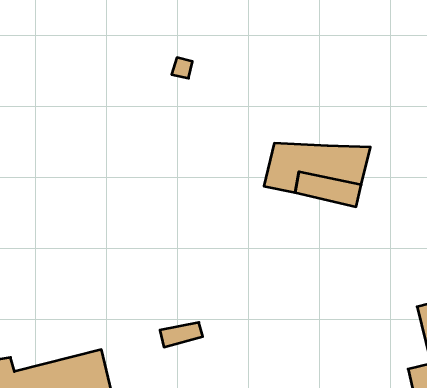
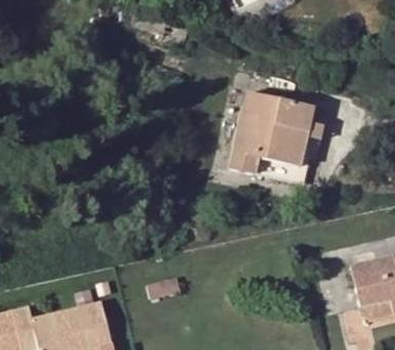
building: none -> [237,93,322,137]

